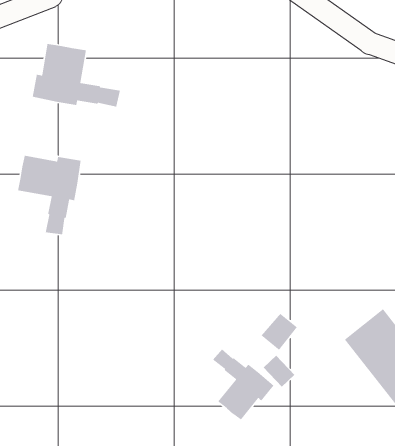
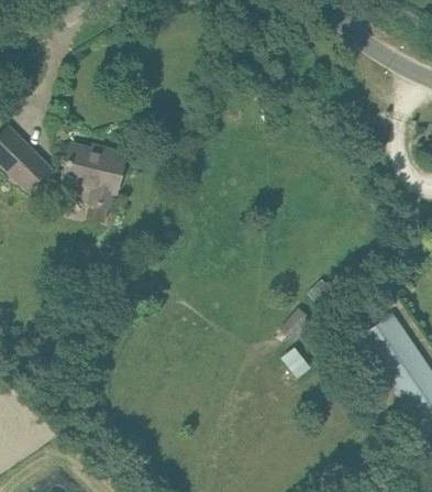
building: [32,43,121,107] -> none
building: [212,349,274,420] -> none

